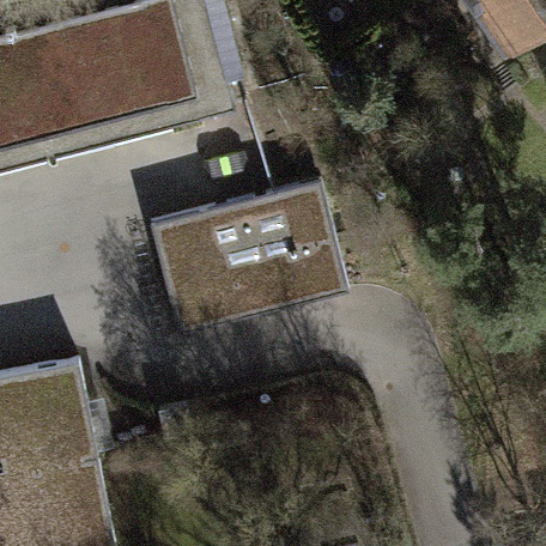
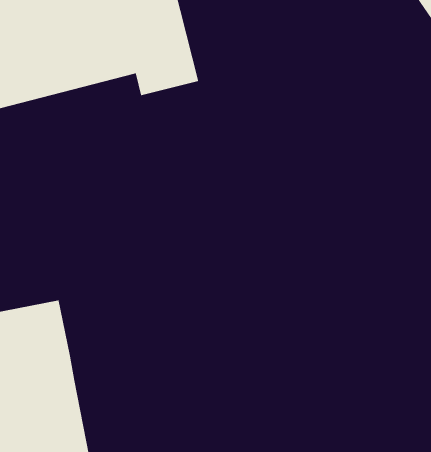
building: [151,181,350,334] -> none

